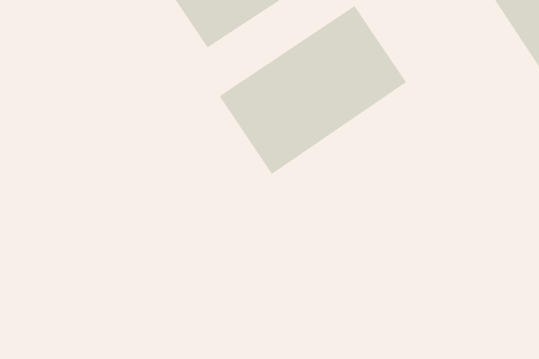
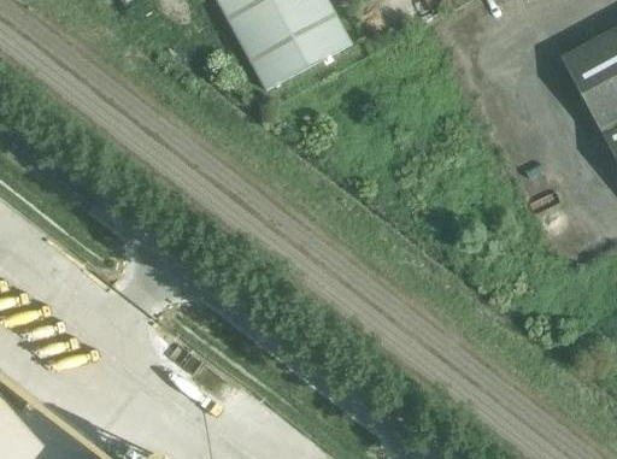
building: [219,5,407,175] -> none

